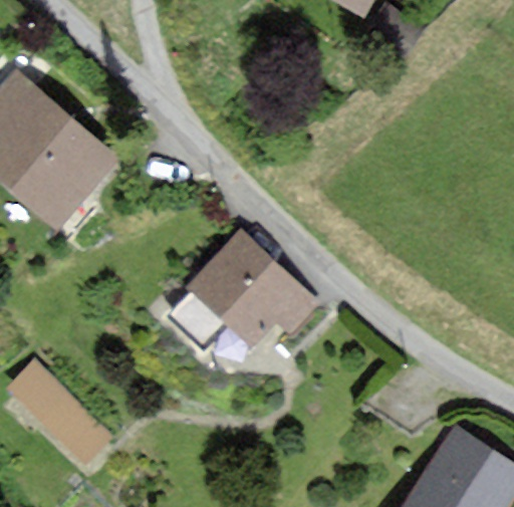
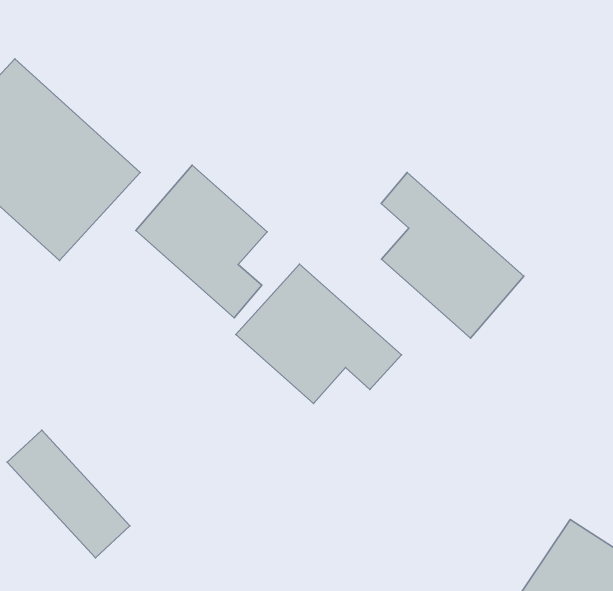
building: none -> [136,165,267,318]
building: none -> [381,172,524,338]

